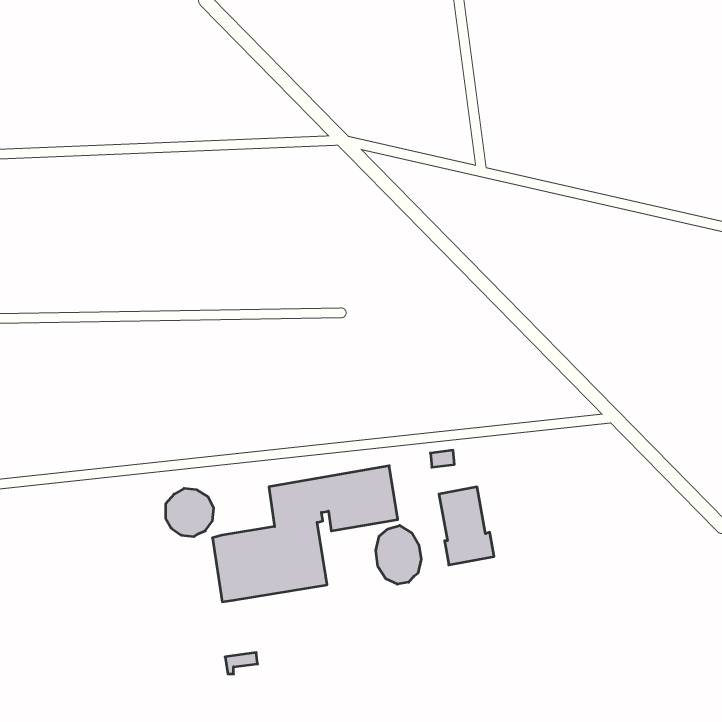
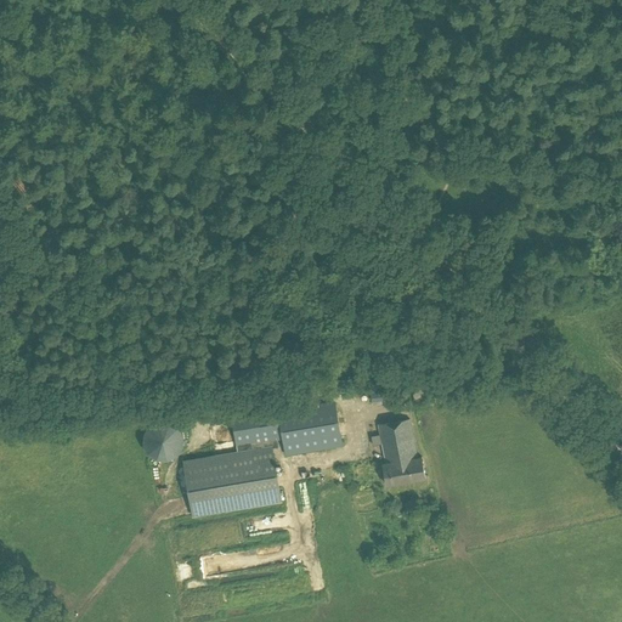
building: [376,525,421,584] -> none

